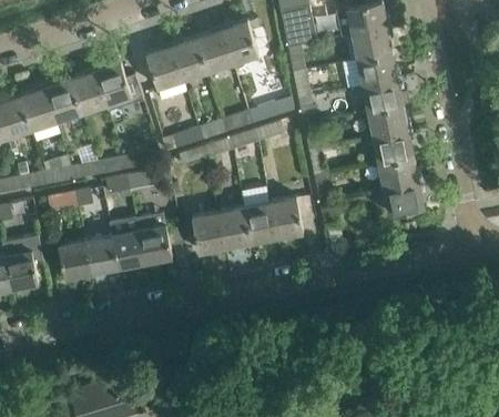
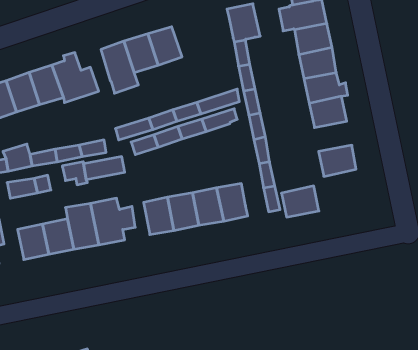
building: [221,22,257,63] -> none
building: [373,132,413,164] -> none
building: [383,183,422,216] -> [281,186,319,217]

